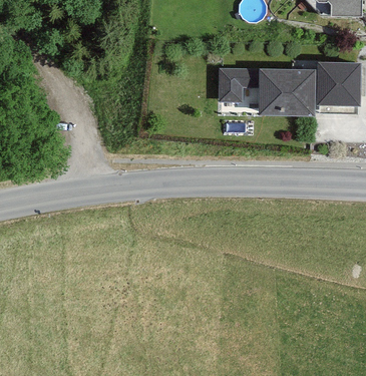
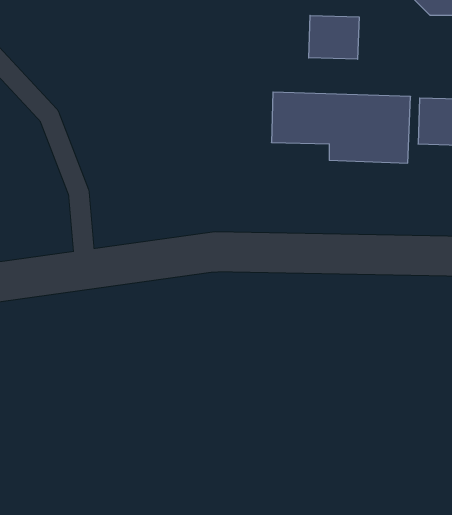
building: none -> [309,15,359,59]

